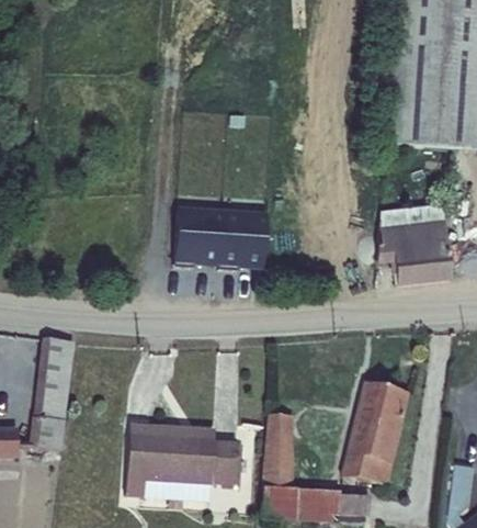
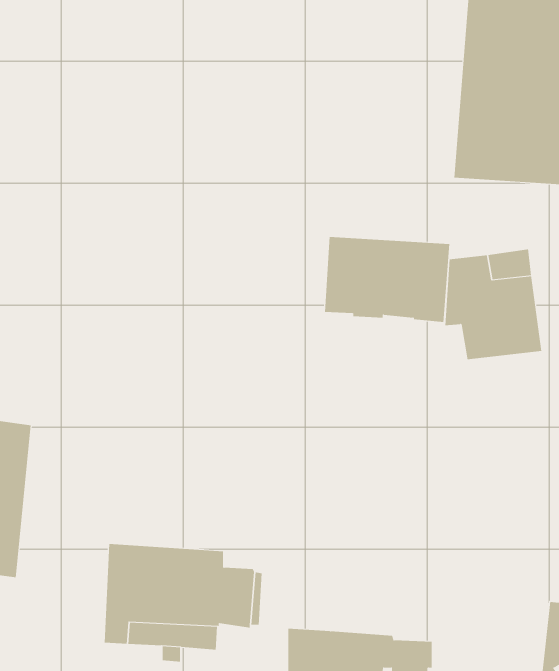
building: [175,209,269,272] -> [324,237,450,322]
building: [341,379,410,483] -> none
building: [262,412,294,485] -> none

